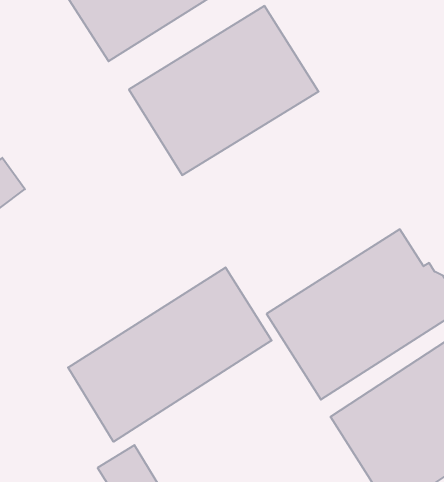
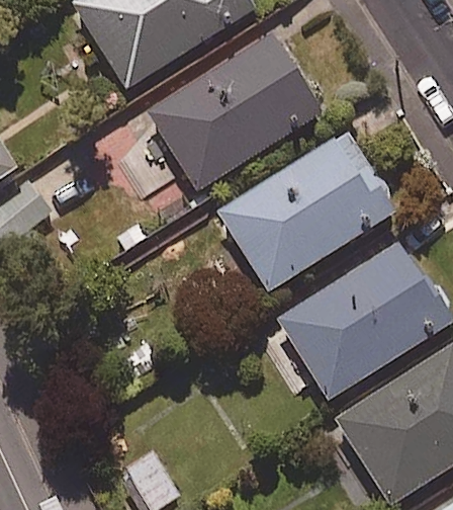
building: none -> [218,130,397,291]
building: [68,267,272,442] -> none

